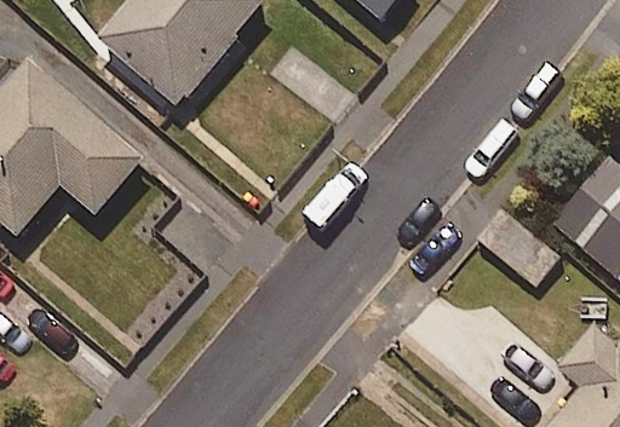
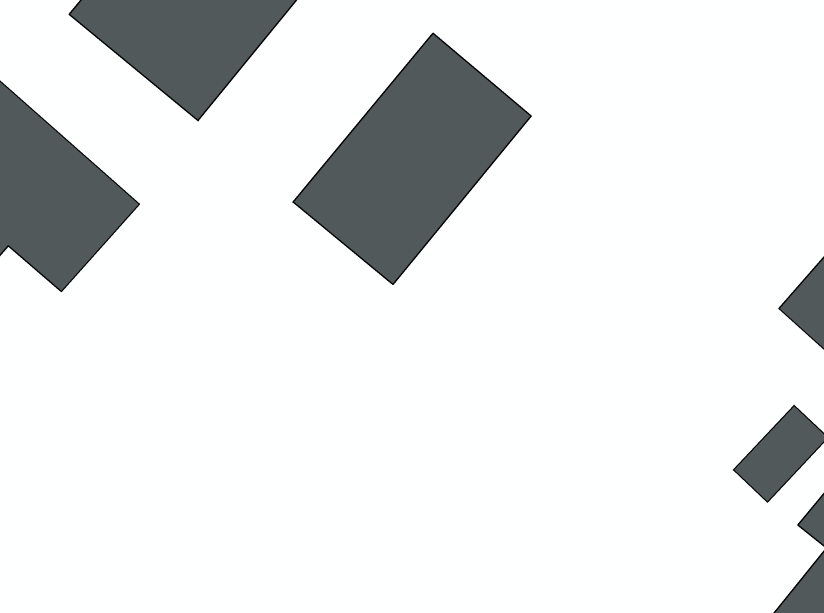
building: none -> [293,33,531,284]

